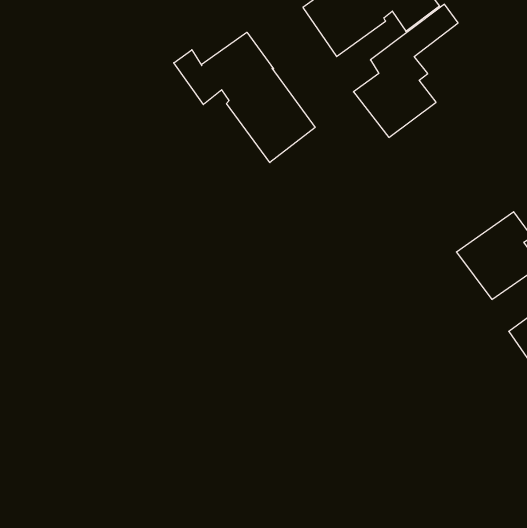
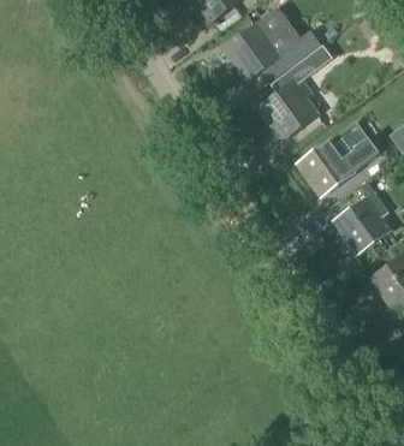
building: [174,32,315,163] -> none
building: none -> [296,123,376,196]

